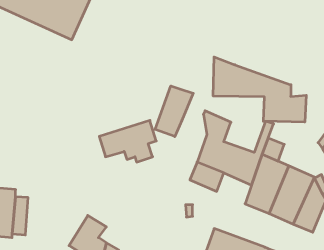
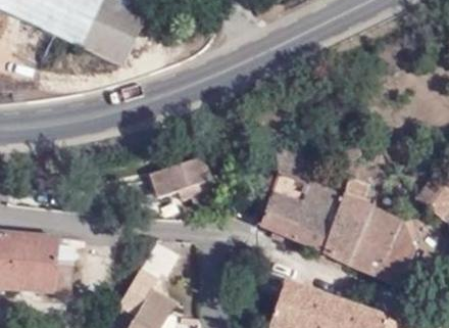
building: [213,57,306,122] -> none
building: [155,86,193,137] -> none
building: none -> [289,217,329,252]

